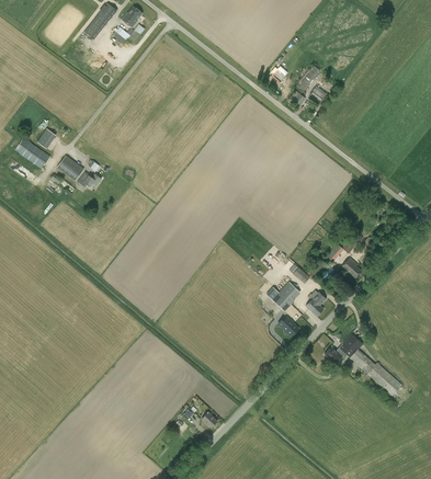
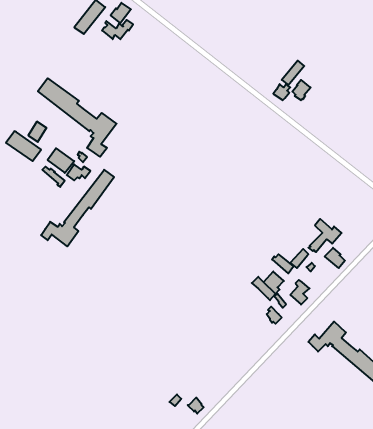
building: none -> [38,78,117,157]
building: none -> [41,170,114,246]

